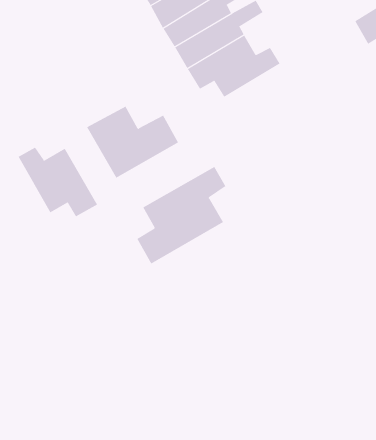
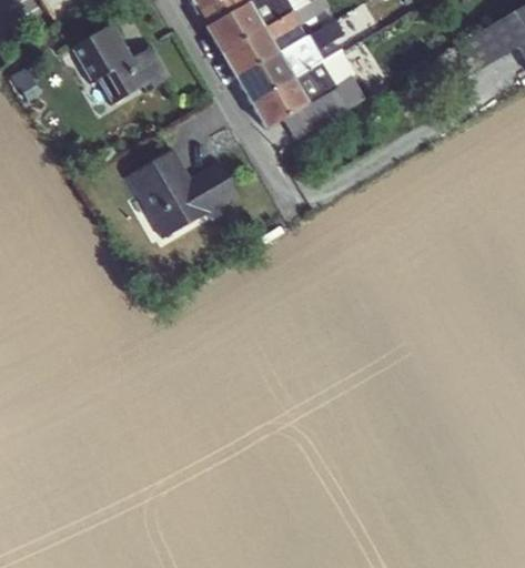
building: none -> [71,23,173,105]
building: [18,147,98,217] -> none
building: [137,166,226,264] -> none

